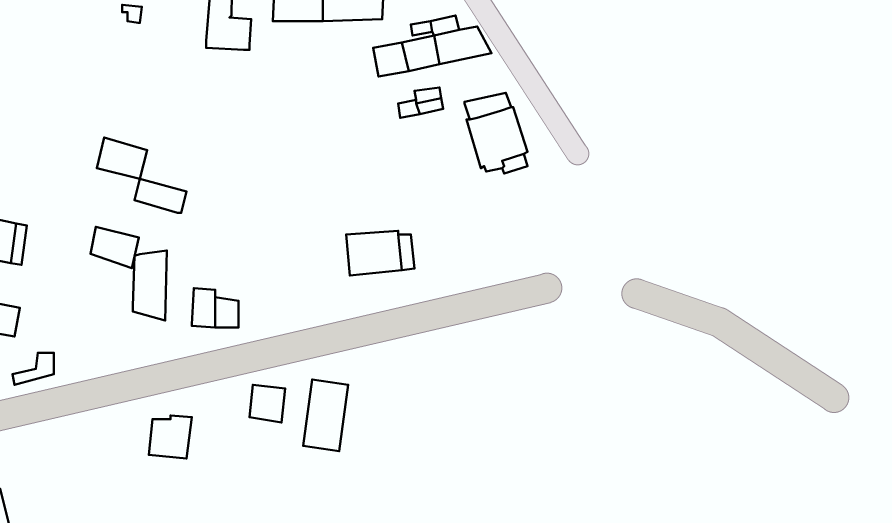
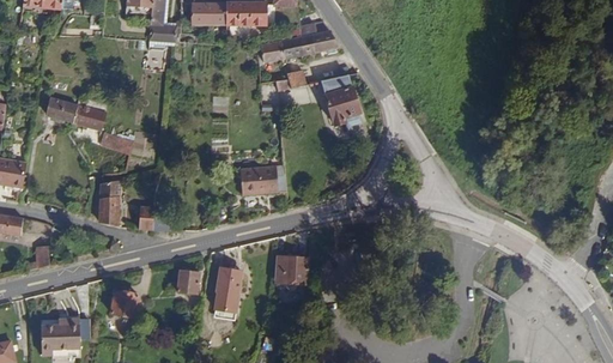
building: [90,227,139,268] -> [47,96,79,123]
building: none -> [274,254,312,284]
building: none -> [41,316,79,355]

